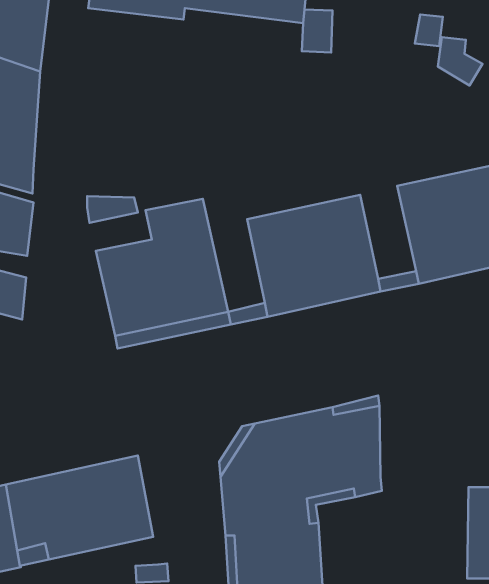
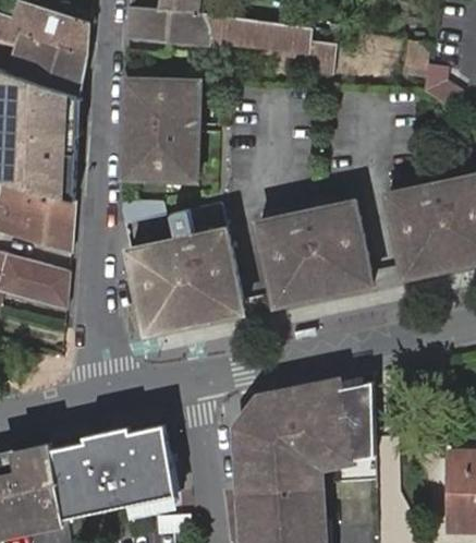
building: none -> [122,81,198,182]

